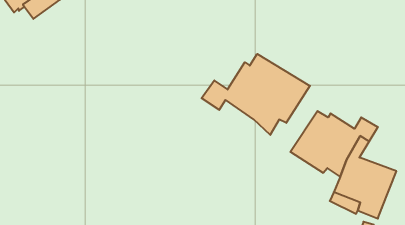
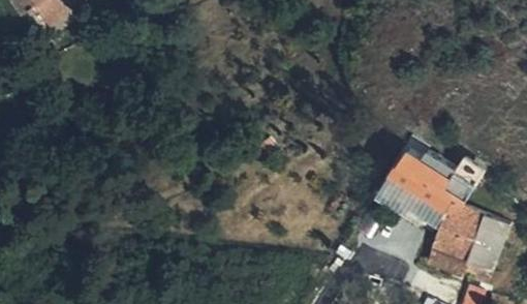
building: [202,54,310,135] -> none

